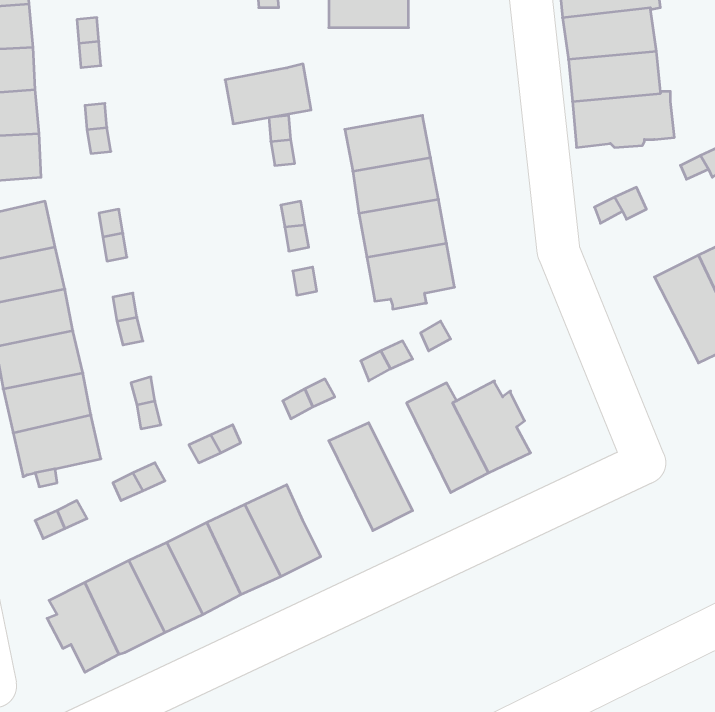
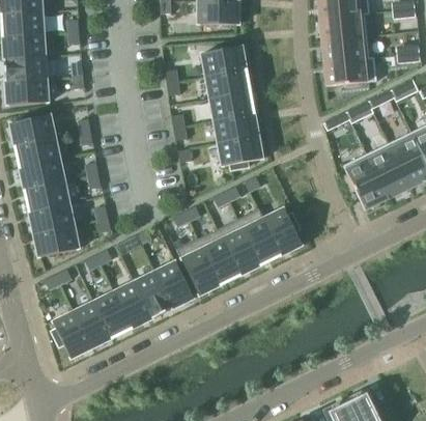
building: [225,64,311,124] -> [202,46,247,77]
building: none -> [344,153,390,209]
building: none -> [219,219,261,275]
building: none -> [177,238,221,296]

